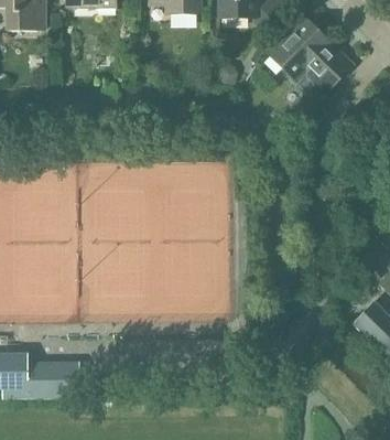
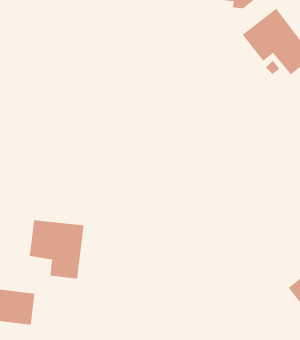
building: none -> [29,220,84,279]

